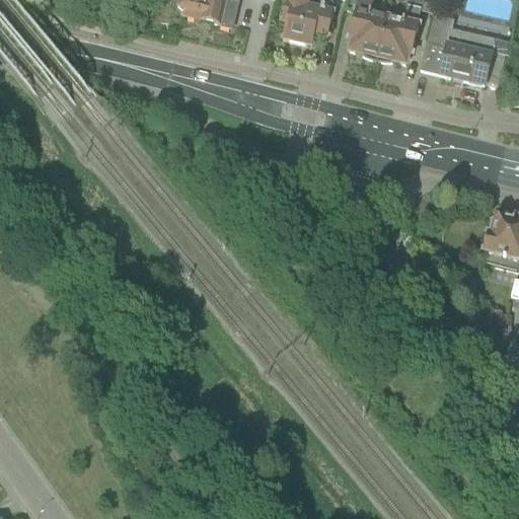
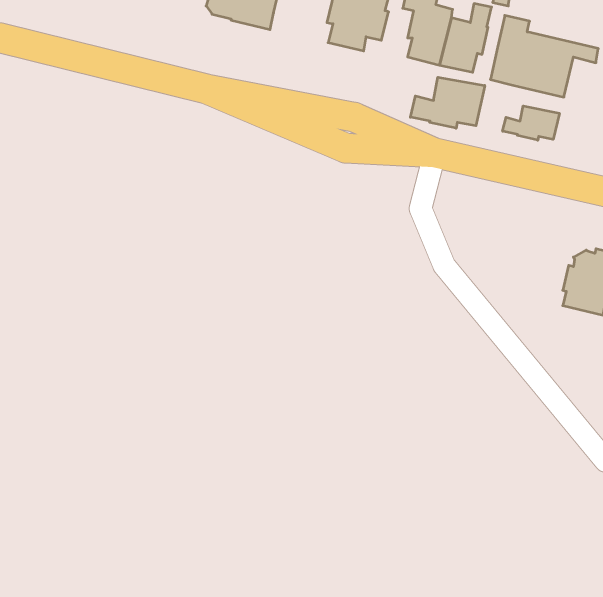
building: none -> [410,77,485,128]
building: none -> [503,106,559,140]

